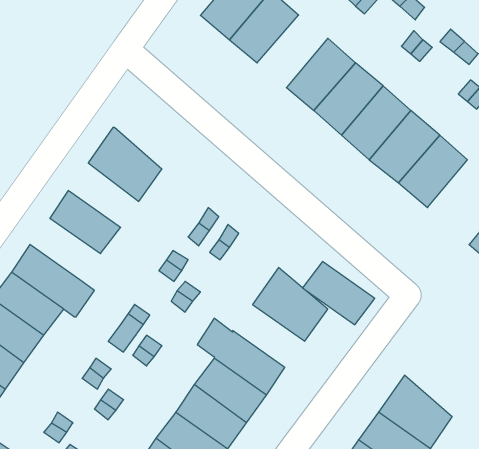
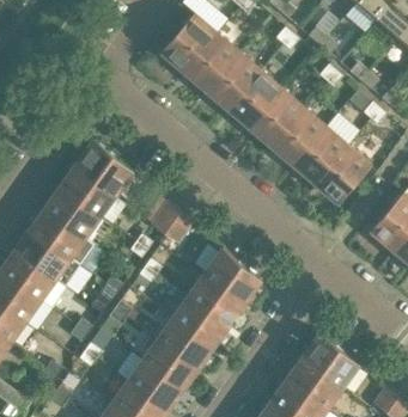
building: none -> [206,53,261,109]
building: none -> [59,167,114,217]
building: none -> [29,210,95,266]
building: [303,262,375,325] -> [187,277,243,326]

